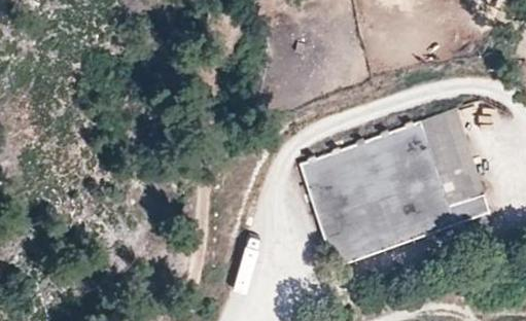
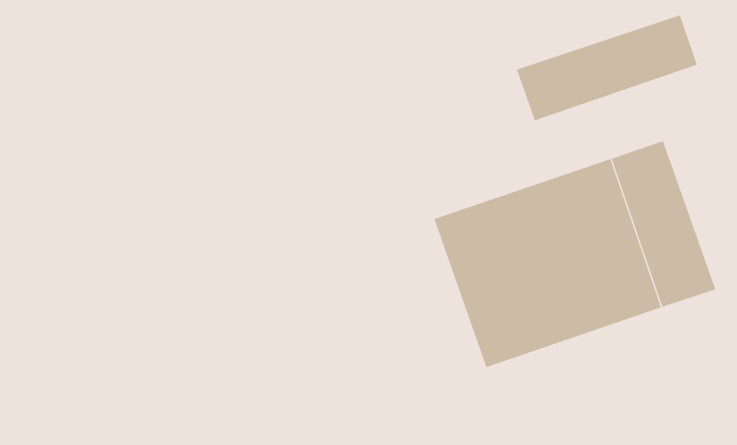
building: none -> [516,14,698,121]

